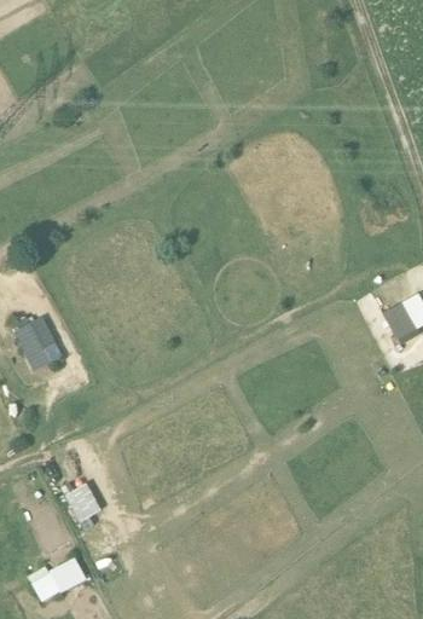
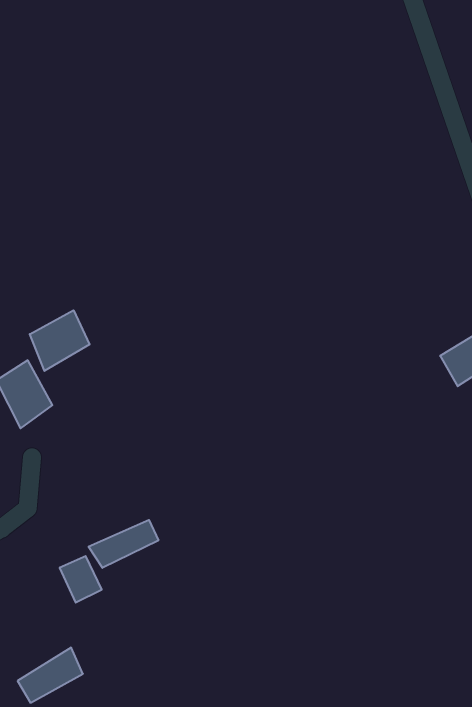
building: none -> [30,310,90,371]
building: none -> [89,520,158,568]

